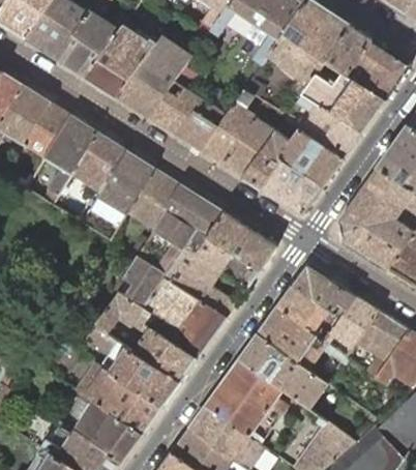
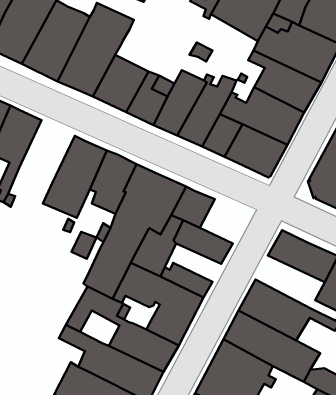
building: [69,133,125,193] -> none
building: [230,228,275,271] -> none
building: [275,287,339,342] -> none

